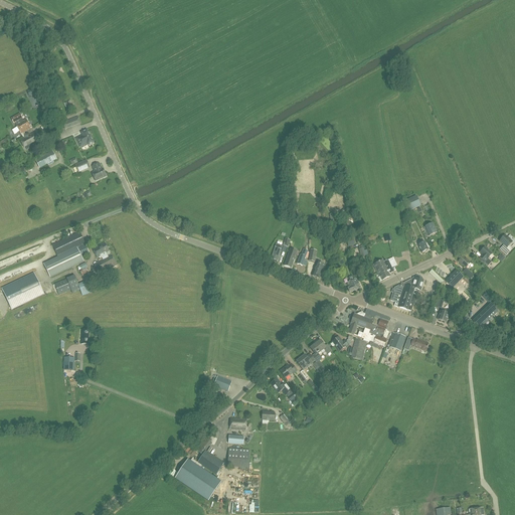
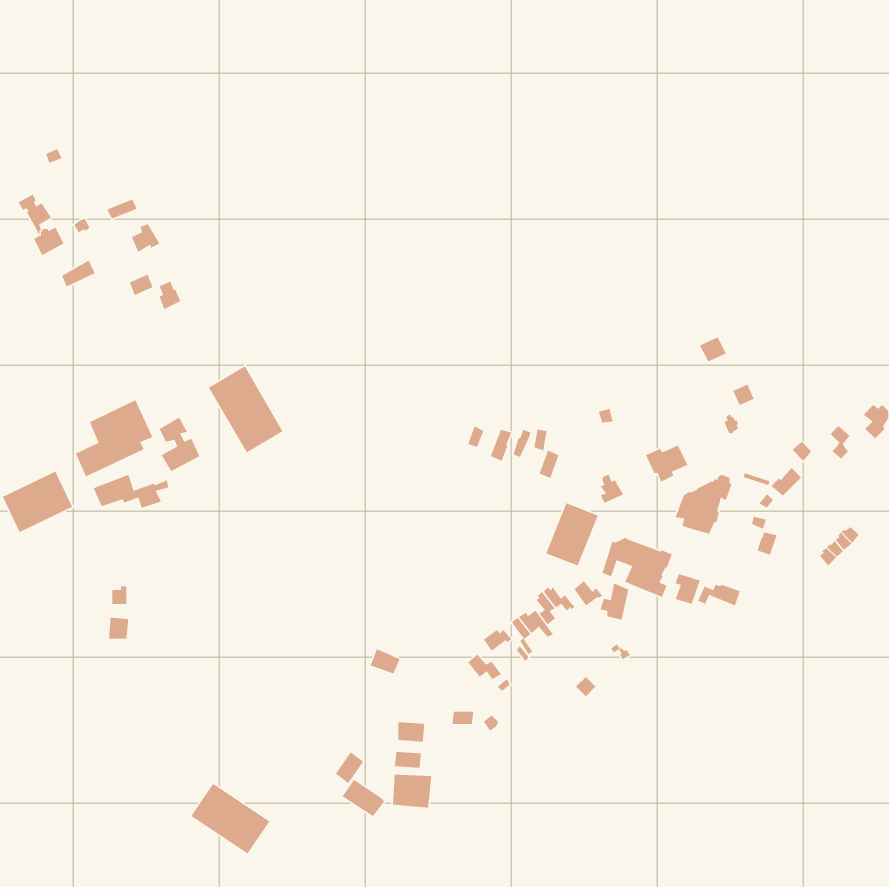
building: none -> [208,365,284,453]
building: none -> [545,502,599,567]
building: [174,458,220,499] -> [190,783,270,854]

